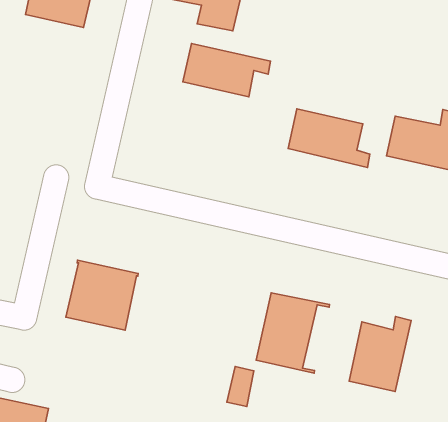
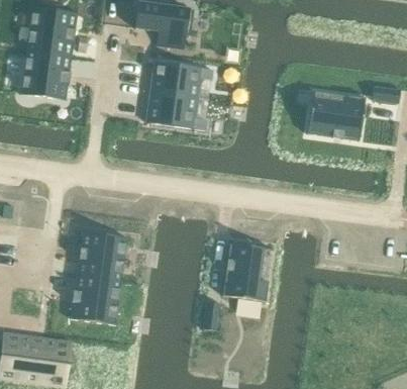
building: none -> [20,48,72,98]
building: [288,109,370,167] -> [145,89,207,128]
building: [349,316,411,391] -> none
building: none -> [70,273,122,323]

